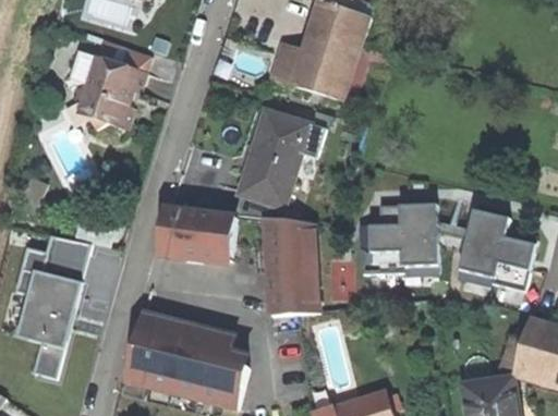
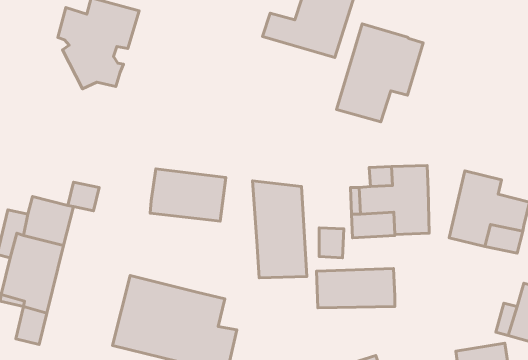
building: [240,109,325,205] -> [336,24,423,122]
building: none -> [317,269,395,308]

